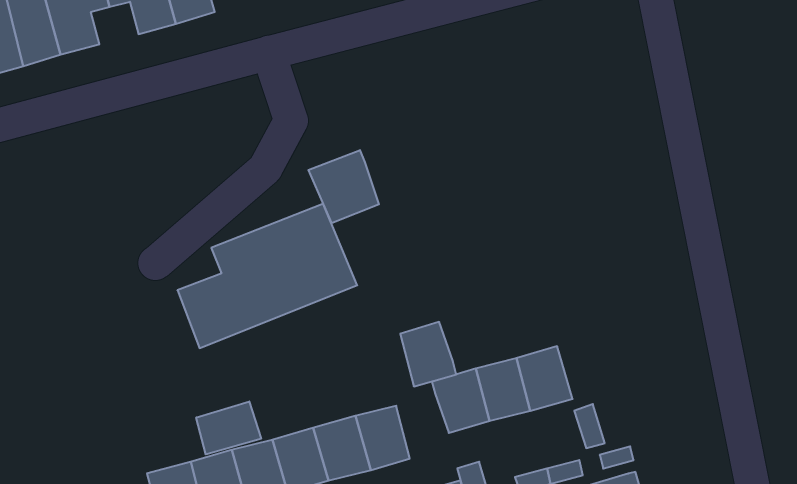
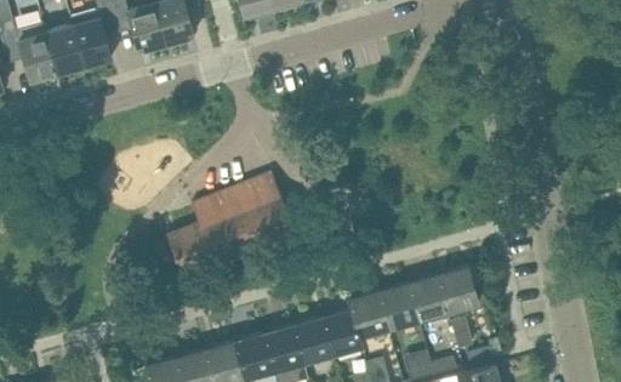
building: [308,150,379,223] -> none
building: [400,322,456,386] -> [323,309,363,355]
building: none -> [438,267,478,313]
building: [196,401,261,454] -> none

